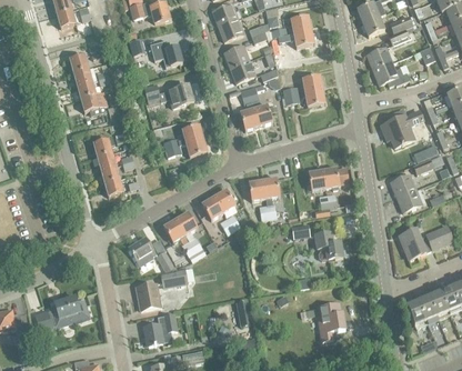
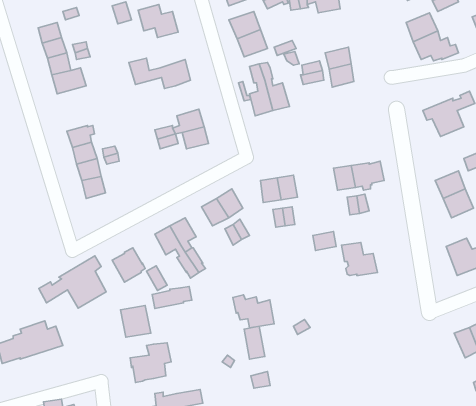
building: none -> [39,256,106,308]
building: none -> [233,295,274,328]
building: [318,302,345,339] -> none

